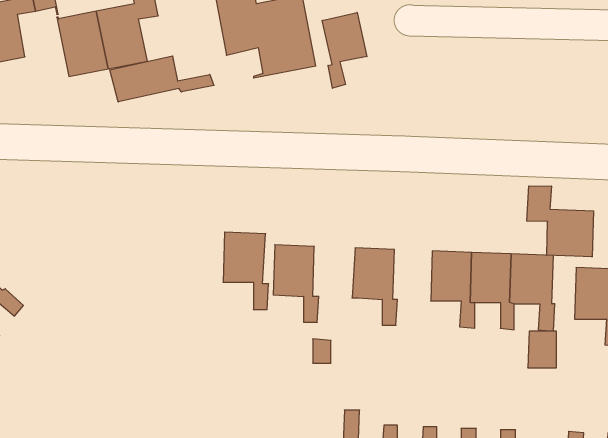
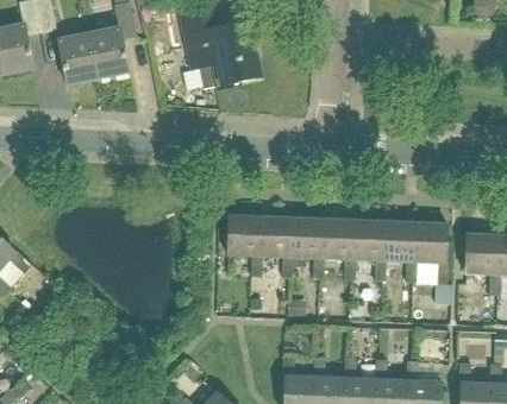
building: [322,12,367,88] -> none
building: [110,56,214,102] -> none
building: [527,186,593,257] -> none
building: [223,232,269,310] -> [258,216,294,277]
building: none -> [321,219,356,279]

